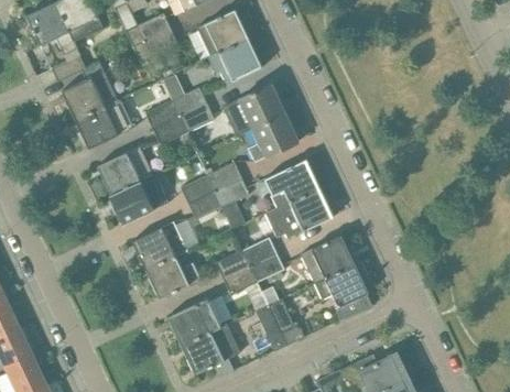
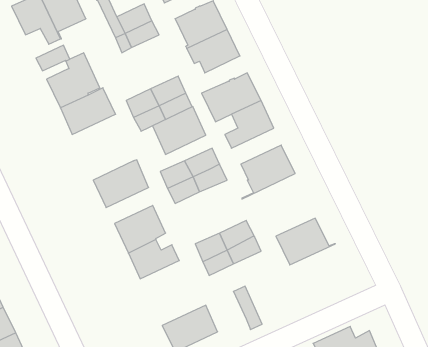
building: [98,145,153,195] -> [153,107,206,154]
building: [265,188,334,238] -> none
building: [315,261,372,319] -> none
building: [169,296,228,346] -> none
building: [269,300,305,345] -> none

